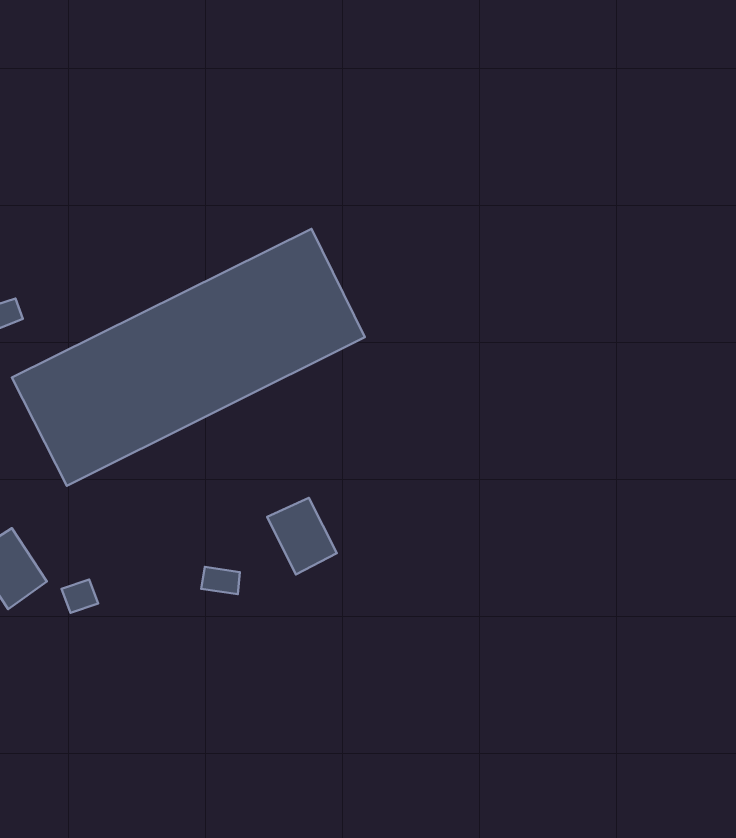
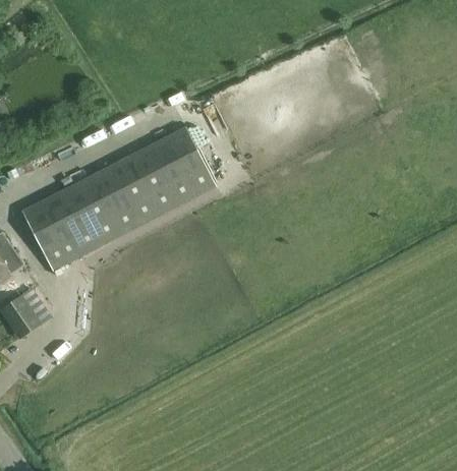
building: [267,498,337,575] -> none

